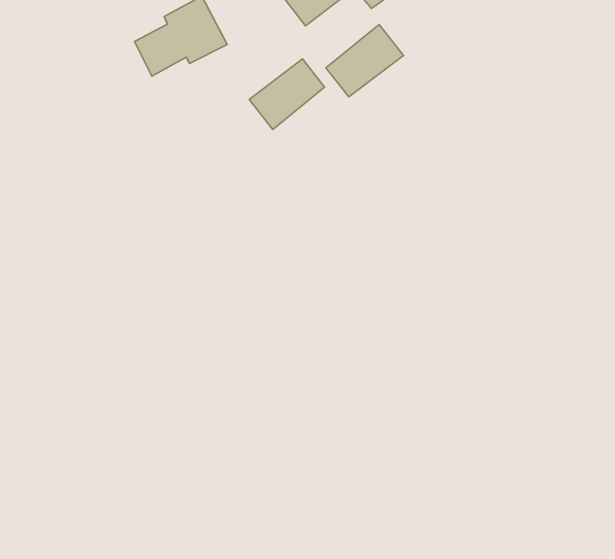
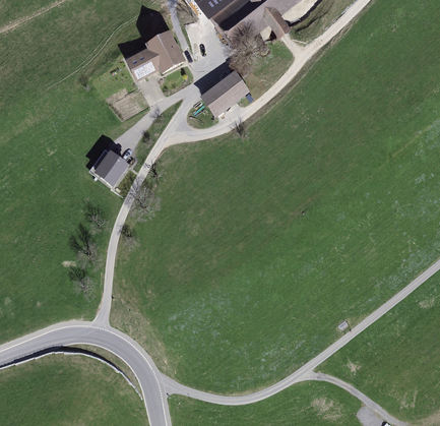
building: [326,24,403,97] -> none
building: none -> [93,149,129,186]

